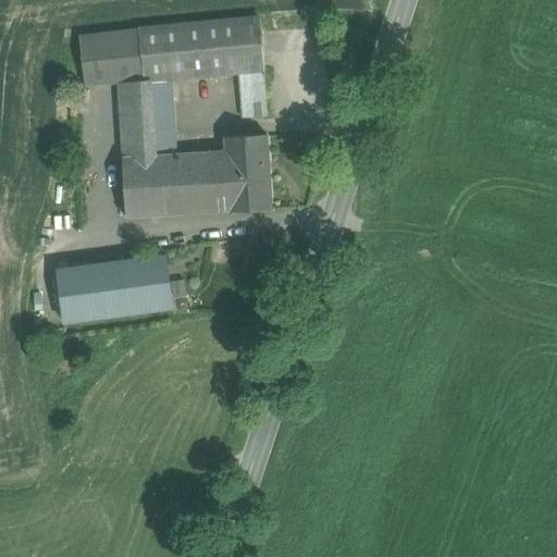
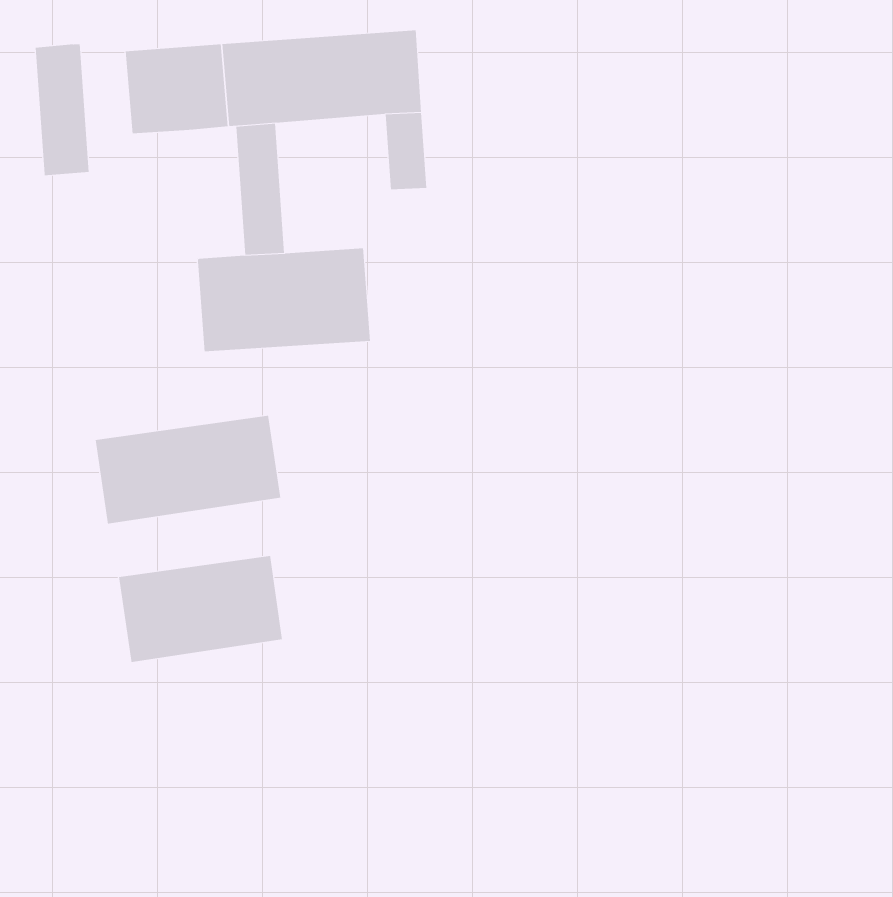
building: [117,78,151,160] -> [35,44,89,176]
building: [224,135,271,213] -> none
building: none -> [119,555,283,663]

